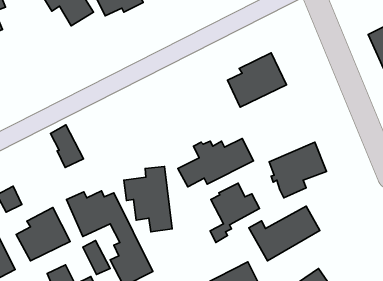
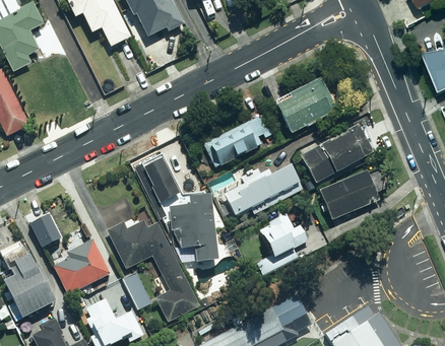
building: none -> [203,113,273,166]
building: [50,125,83,168] -> [142,158,177,203]
building: [249,206,320,261] -> [297,125,371,182]

